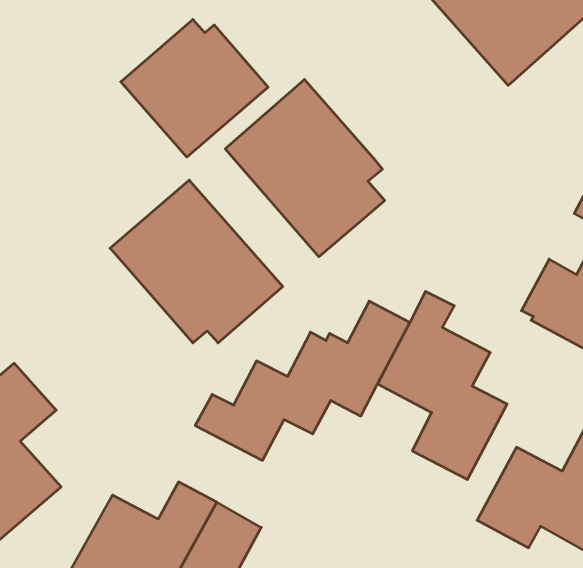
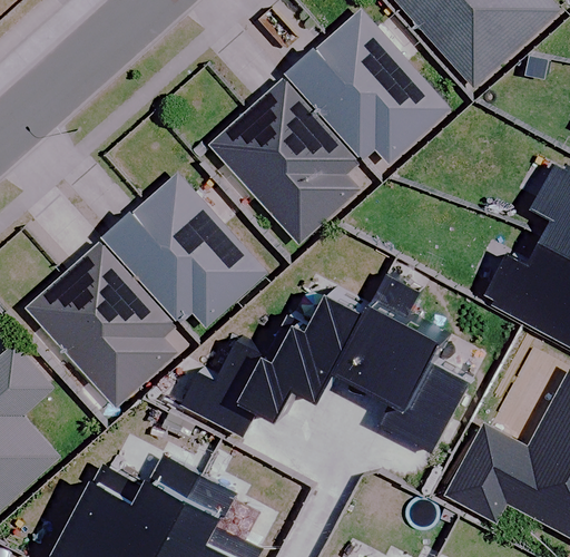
building: none -> [287,11,449,163]
building: [121,19,268,157] -> none
building: none -> [28,244,177,409]

